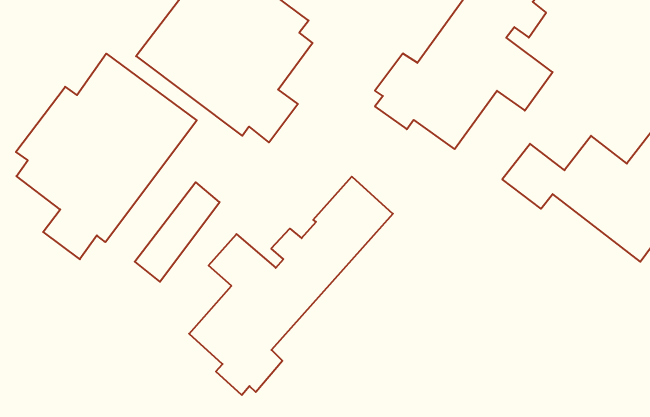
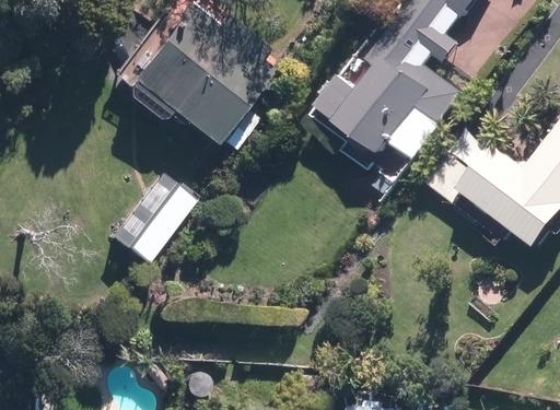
building: [16,54,197,259] -> none
building: [189,177,393,395] -> none

